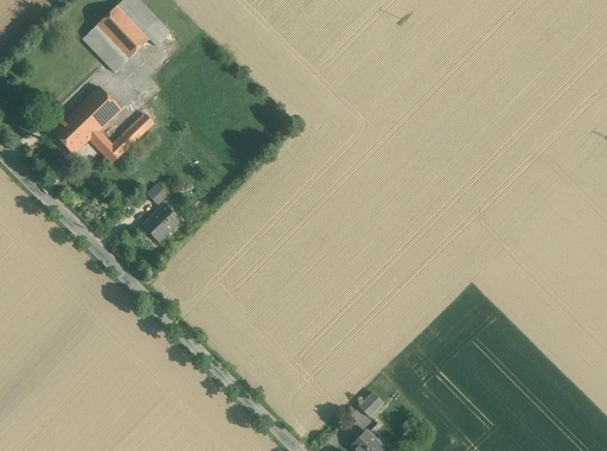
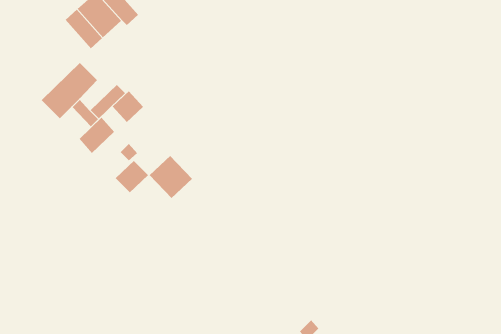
building: none -> [112,90,144,123]
building: none -> [79,117,115,154]
building: none -> [149,155,193,199]

